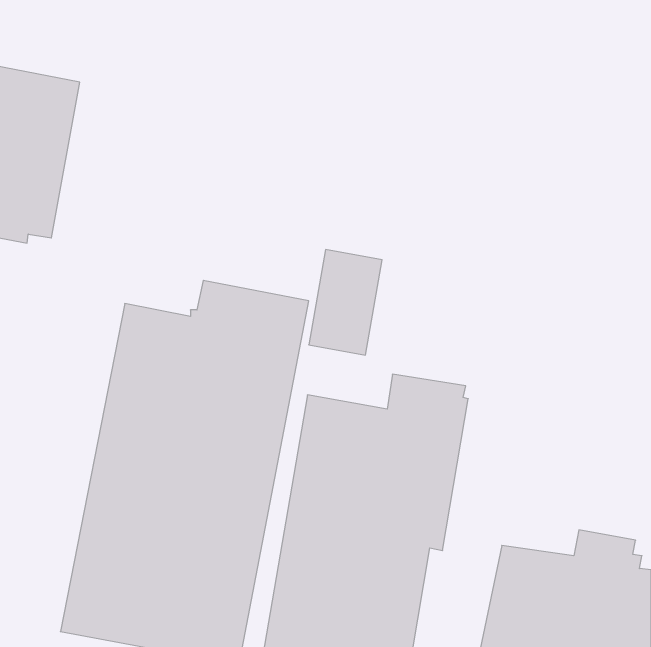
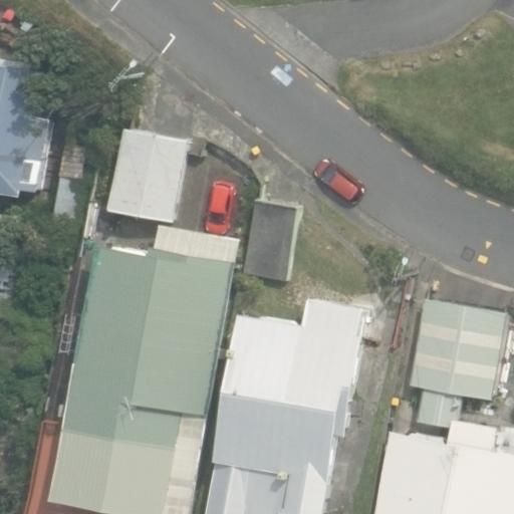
building: none -> [105,130,189,224]
building: none -> [401,293,501,425]

